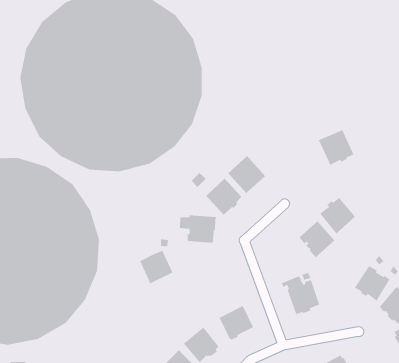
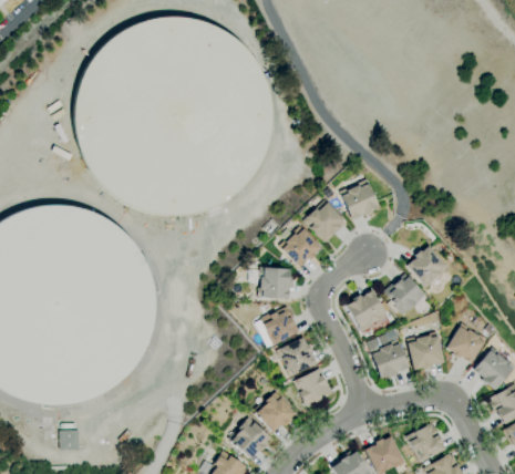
building: [318,129,355,166] -> [339,179,380,220]
building: none -> [346,290,388,332]
building: [139,250,174,285] -> [260,307,299,346]
building: none -> [406,332,444,371]
building: none -> [277,338,316,378]

